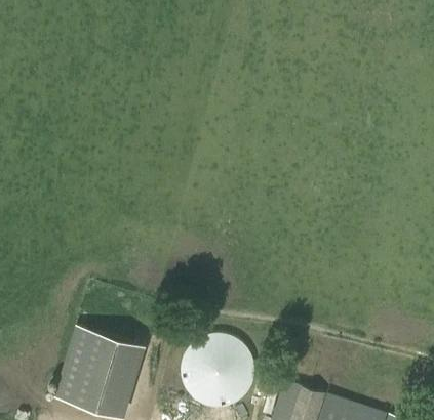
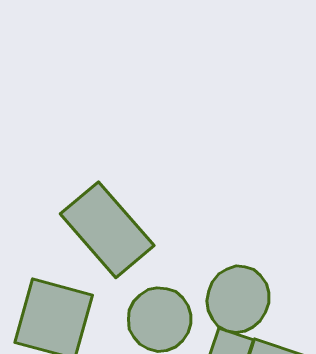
building: none -> [60,182,154,278]
building: none -> [207,266,269,332]

